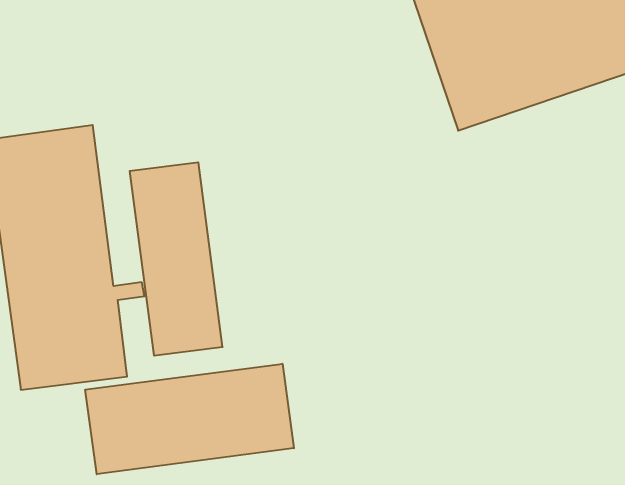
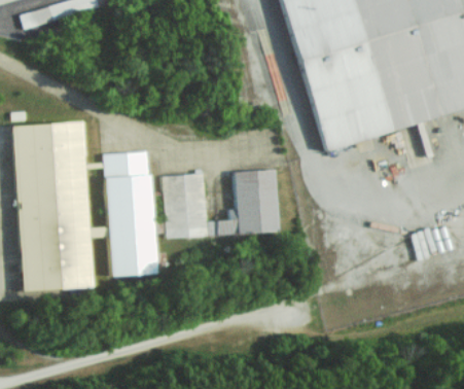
building: none -> [163,170,280,239]
building: [85,364,294,474] -> none

